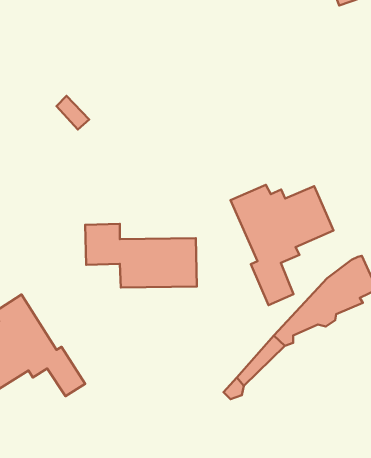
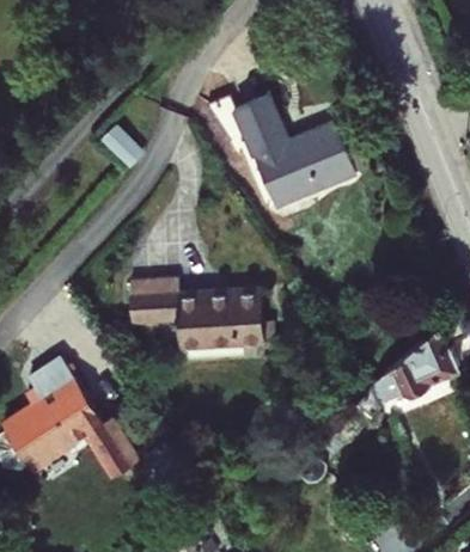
building: none -> [232,99,354,211]
building: [230,185,333,305] -> none

